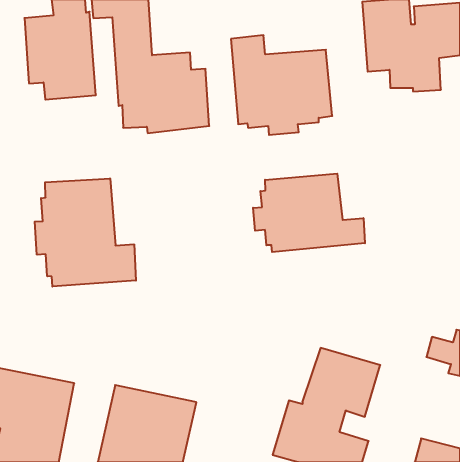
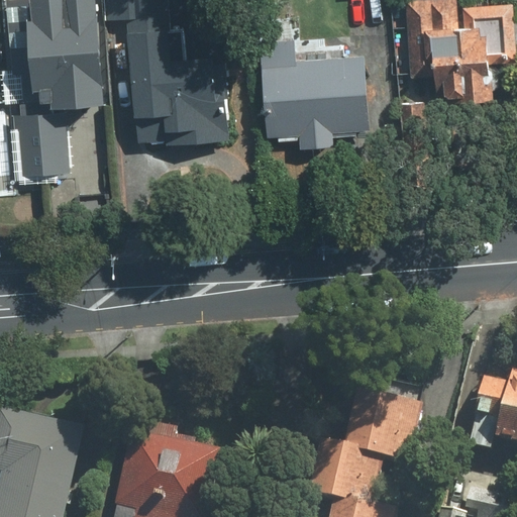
building: none -> [9,110,74,172]
building: [253,174,365,252] -> none
building: [35,178,136,287] -> none

